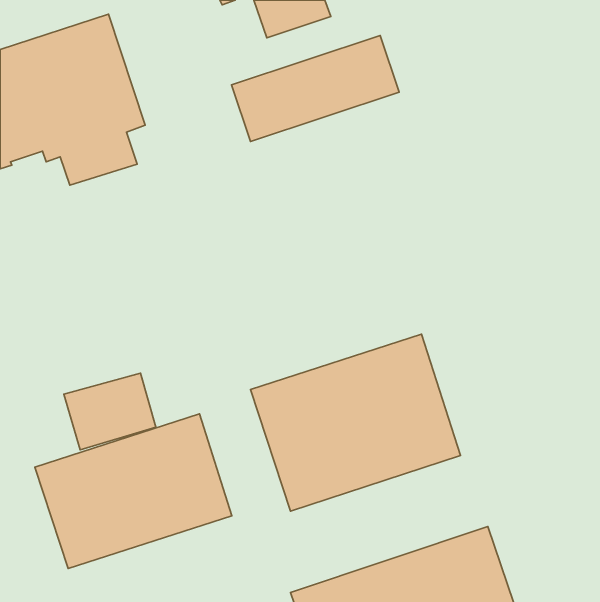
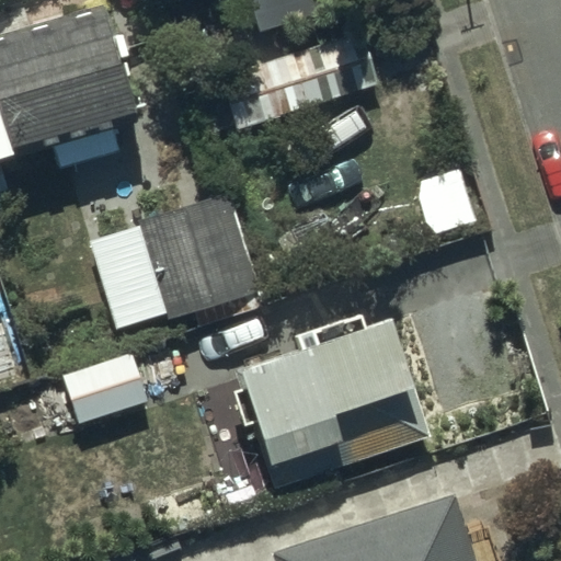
building: none -> [89,194,253,331]
building: [35,414,232,569] -> none

